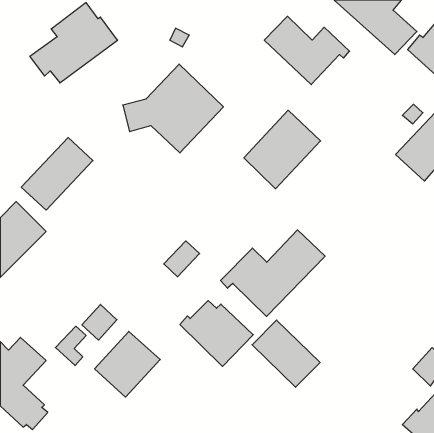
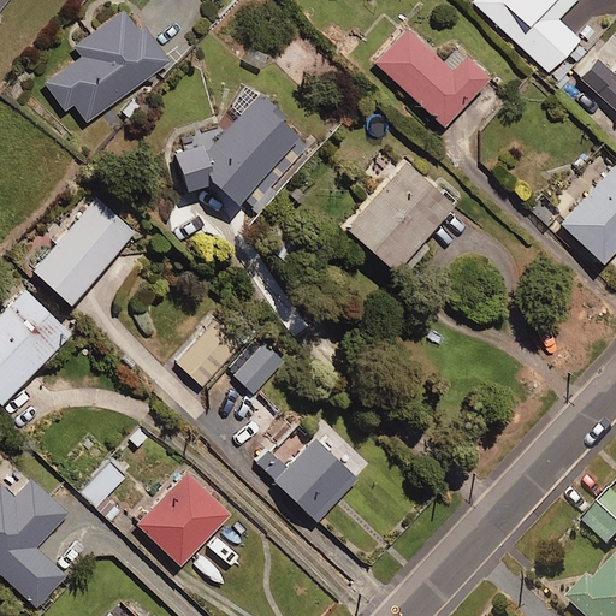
building: none -> [174,318,242,386]
building: [221,230,325,316] -> none
building: [82,304,117,340] -> none
building: [252,320,320,387] -> none

